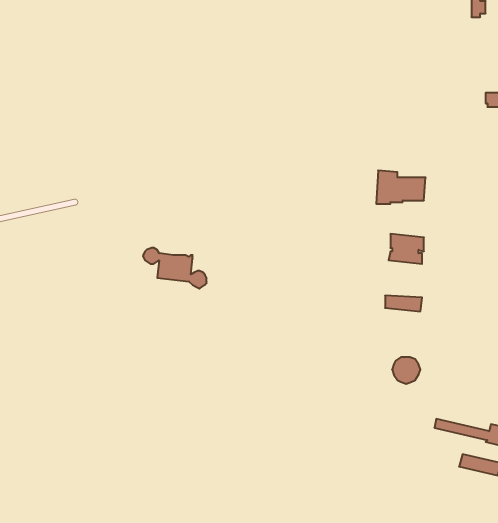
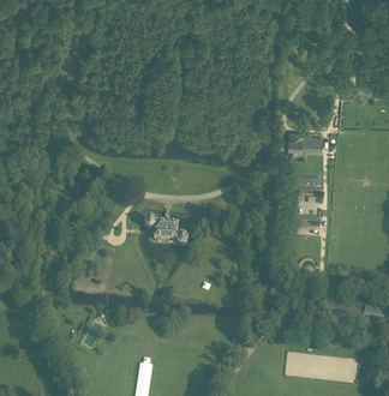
building: [143,248,207,289] -> [145,217,188,245]

